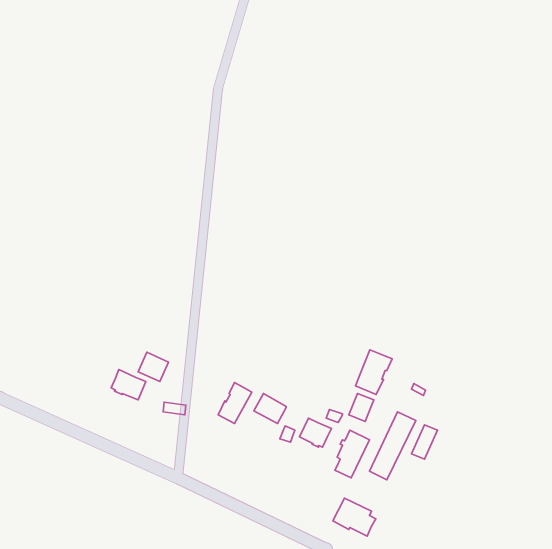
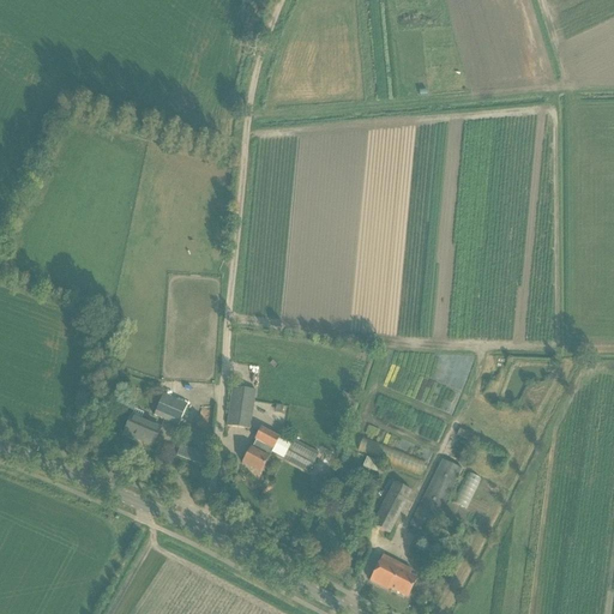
building: none -> [227,384,255,426]
building: [355,350,392,395] -> none
building: [299,418,332,447] -> none

